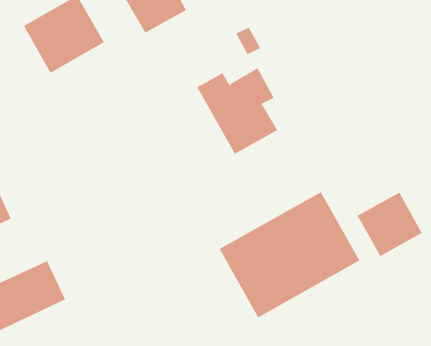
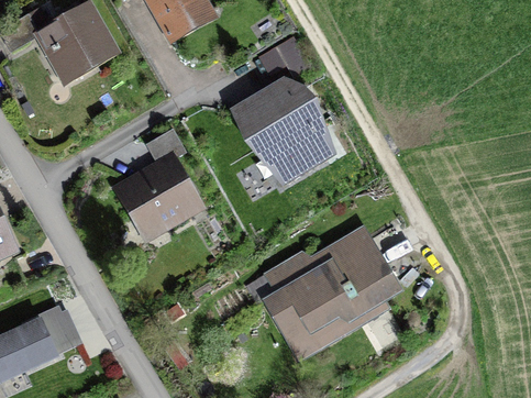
building: none -> [111,150,207,244]
building: [357,192,423,257] -> none

